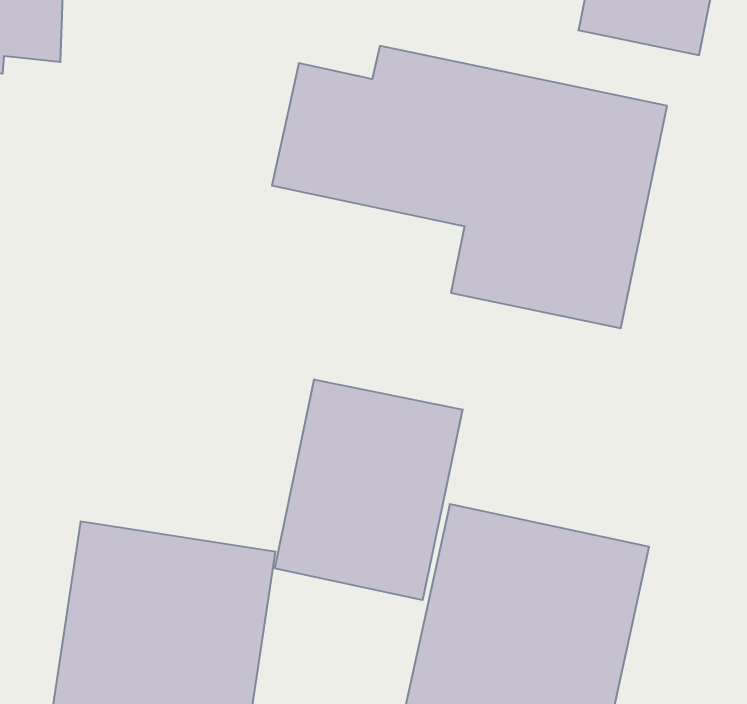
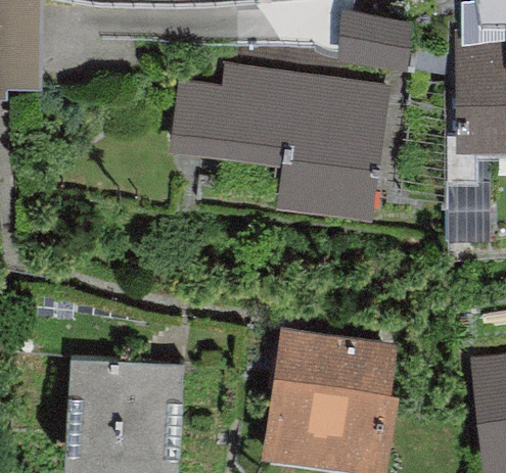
building: [275,379,463,600] -> none

